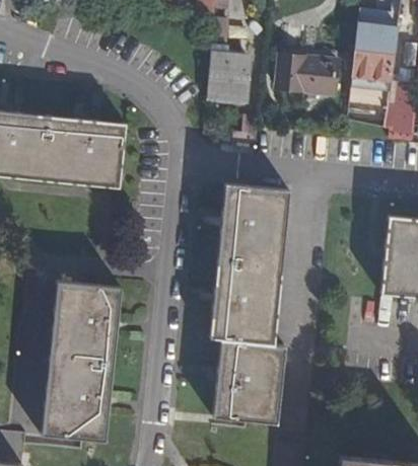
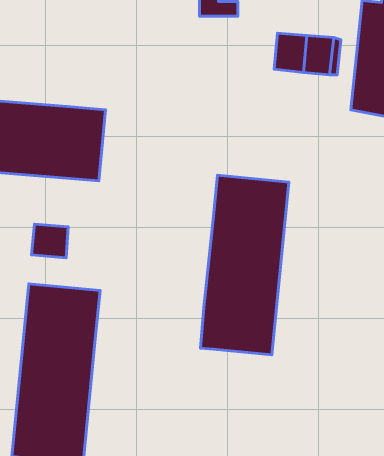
building: [207,59,249,102] -> none
building: none -> [31,224,68,258]
building: [216,338,286,422] -> none

